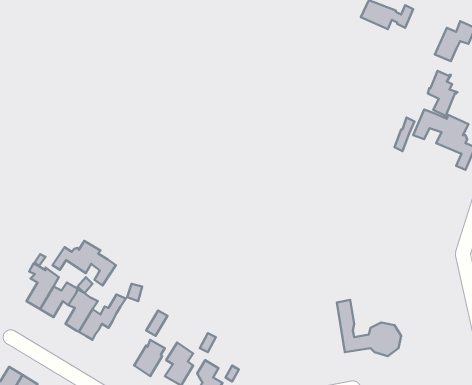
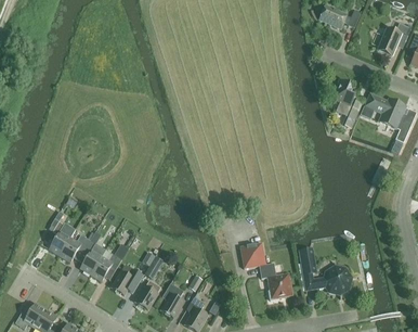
building: [428,71,457,116] -> [332,79,356,116]
building: [53,241,116,285] -> none
building: none -> [240,243,292,301]
building: none -> [112,265,143,295]

